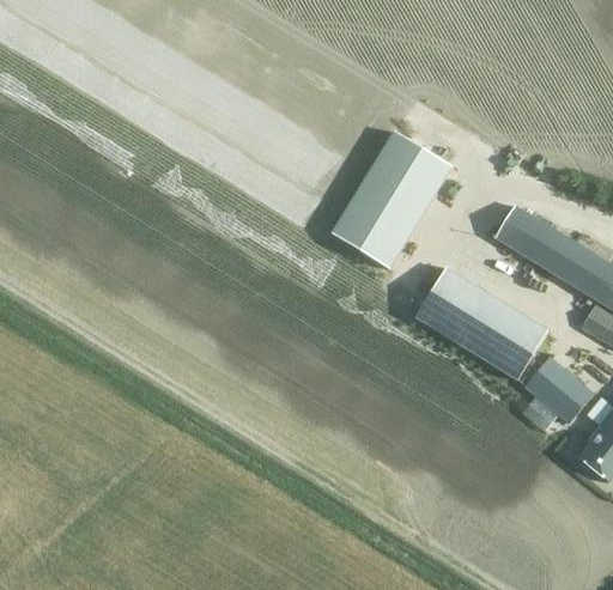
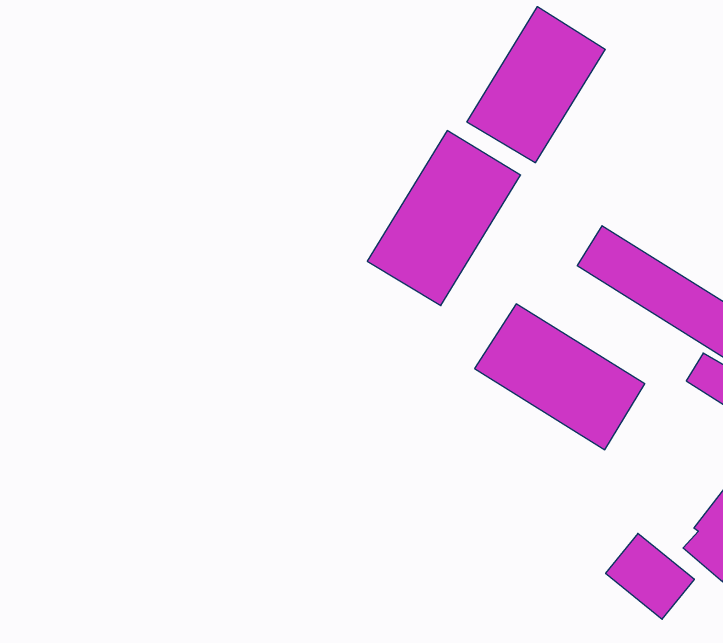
building: none -> [467,7,605,163]
building: [524,357,594,424] -> [606,533,694,619]

